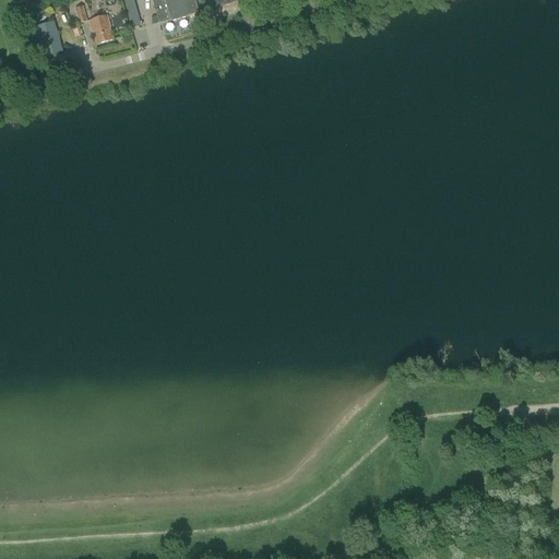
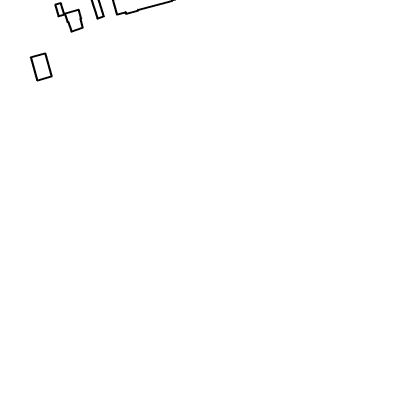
building: [34,19,62,55] -> [31,54,52,80]

